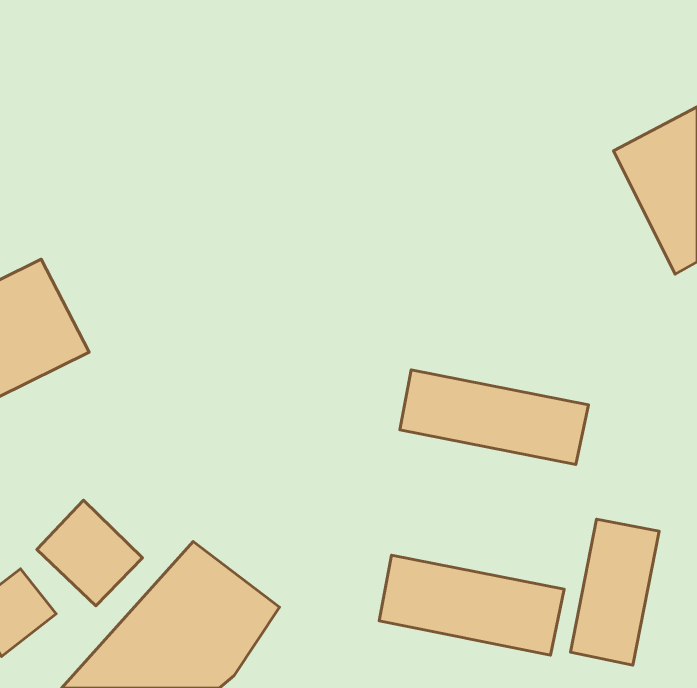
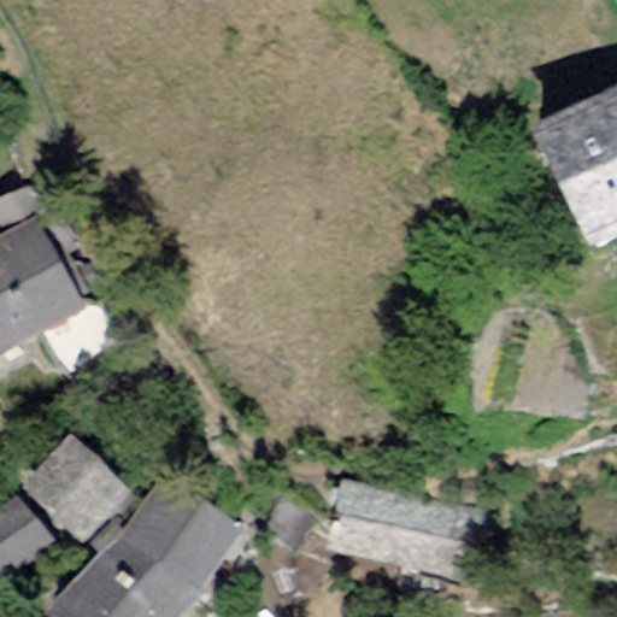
building: [400,370,588,464] -> none
building: [570,519,659,665] -> none

